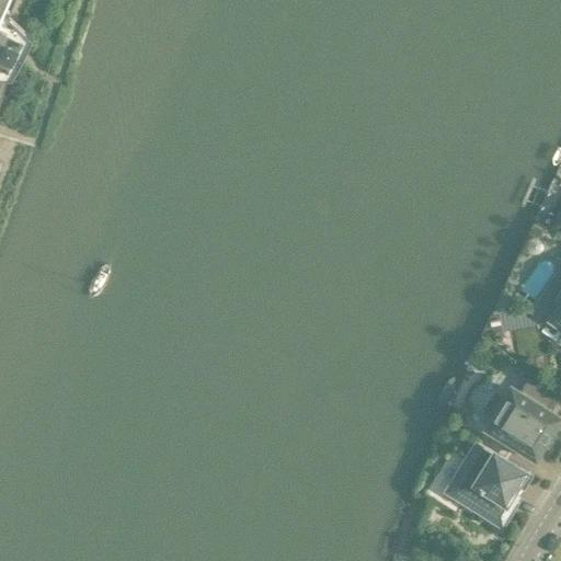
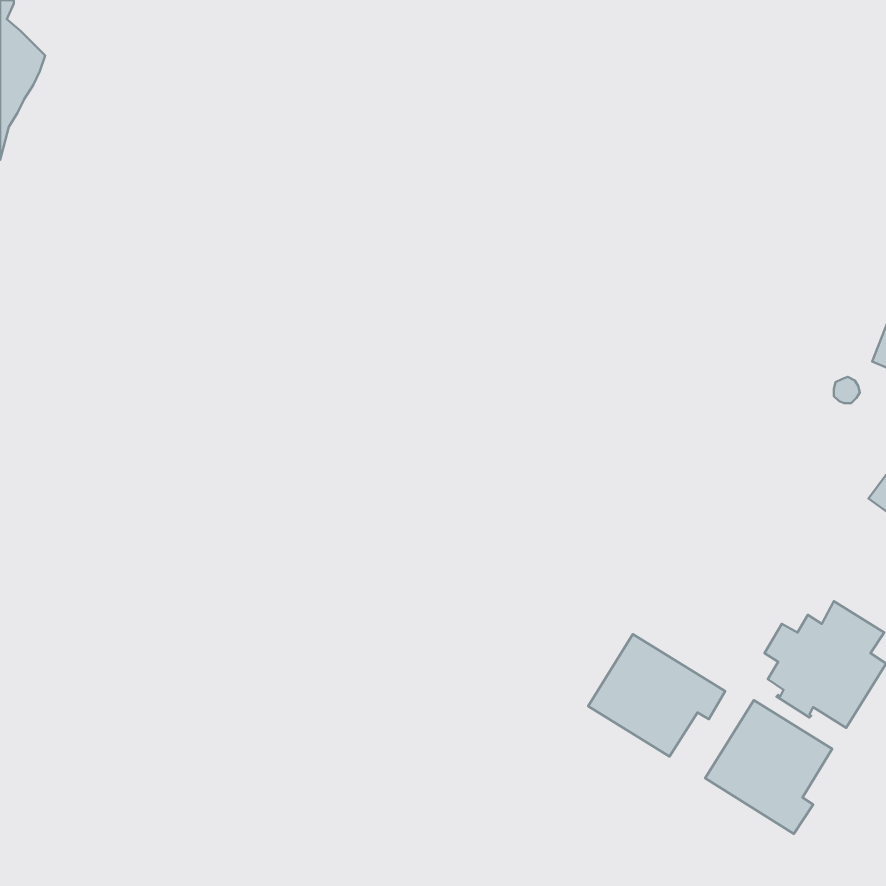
building: none -> [588,634,725,757]

